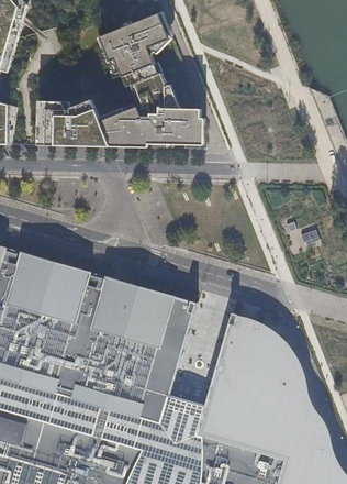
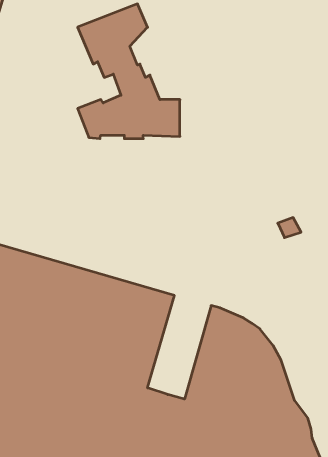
building: [37,102,110,145] -> none

